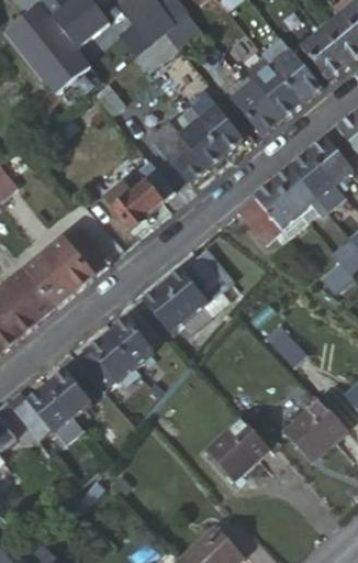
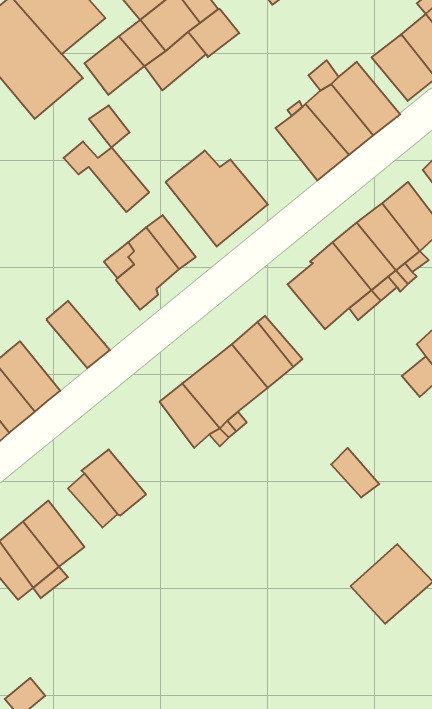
building: [179,101,242,153] -> [63,141,149,212]
building: [44,236,93,289] -> none
building: [109,318,153,365] -> none
building: [209,418,270,478] -> none

